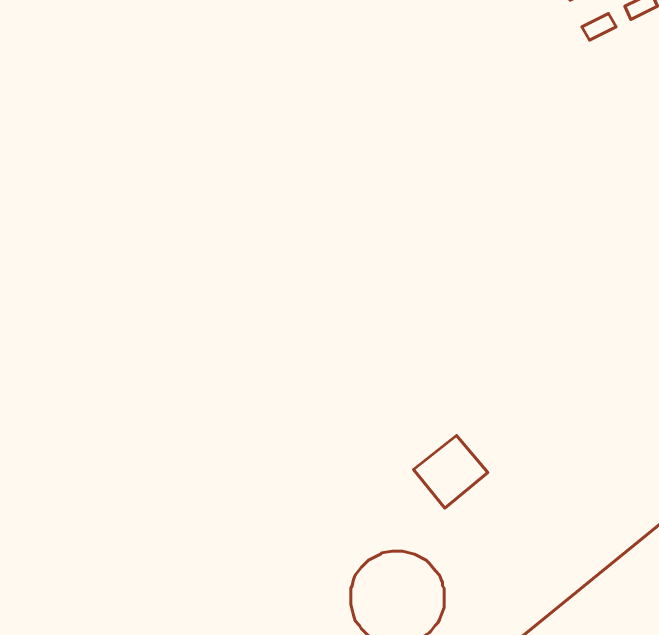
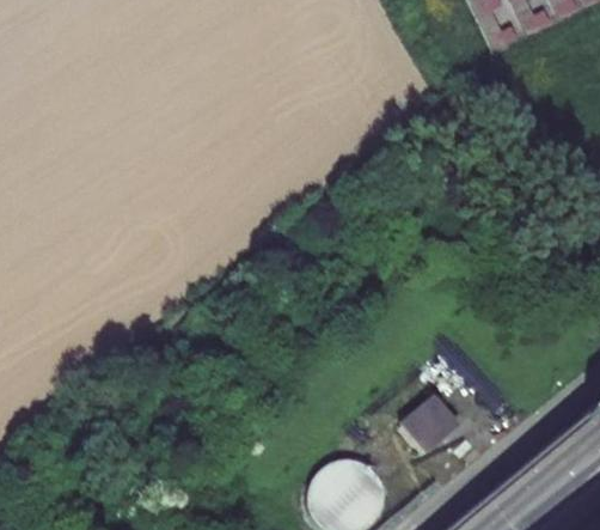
building: [414,435,488,508] -> [399,397,459,456]

